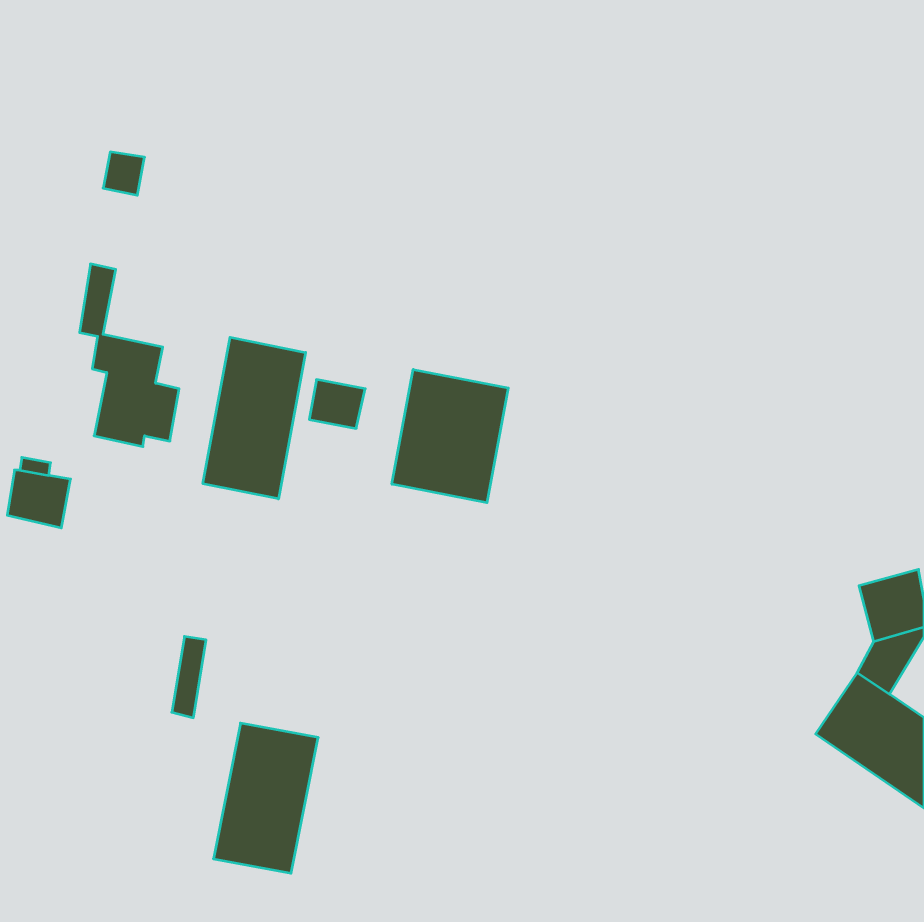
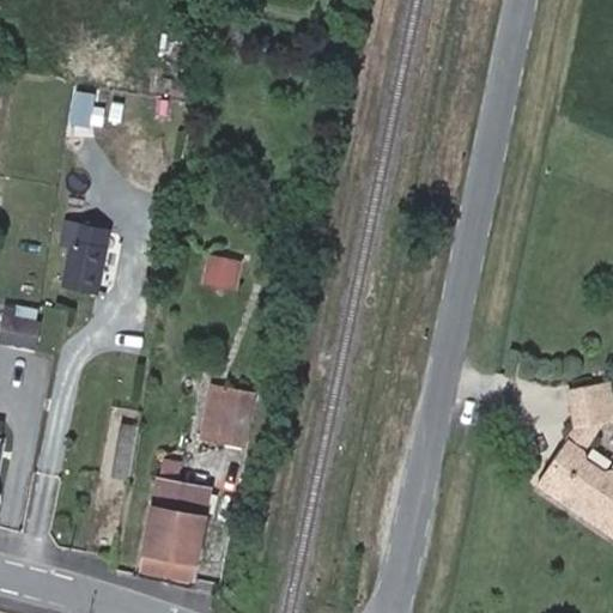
building: [203,337,306,499] -> none
building: [392,369,508,503] -> none
building: none -> [201,384,255,444]

